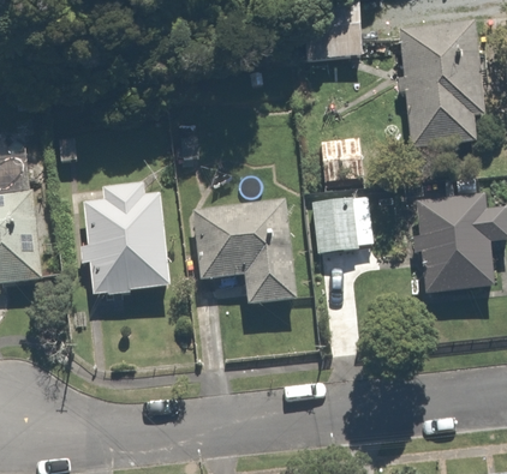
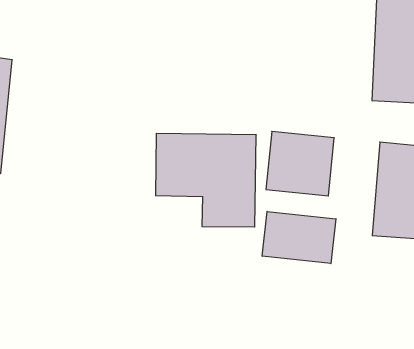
building: [84,186,172,295] -> none
building: none -> [262,211,336,264]

